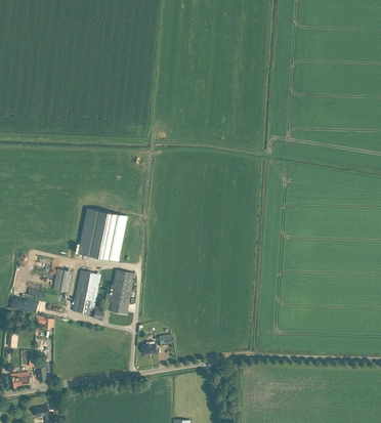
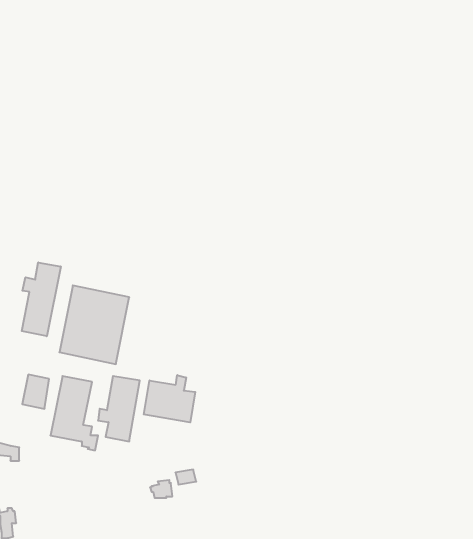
building: none -> [22,262,61,336]
building: none -> [144,375,195,422]

